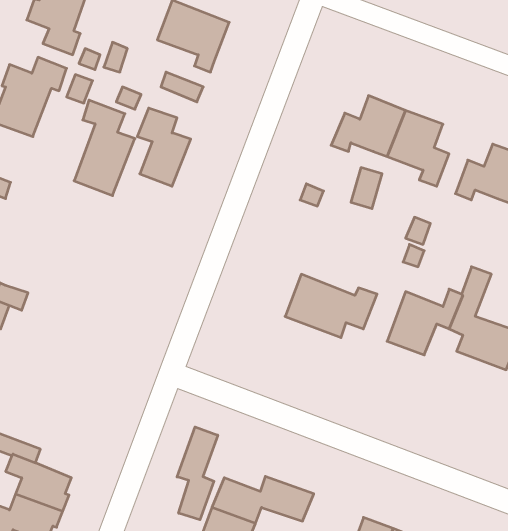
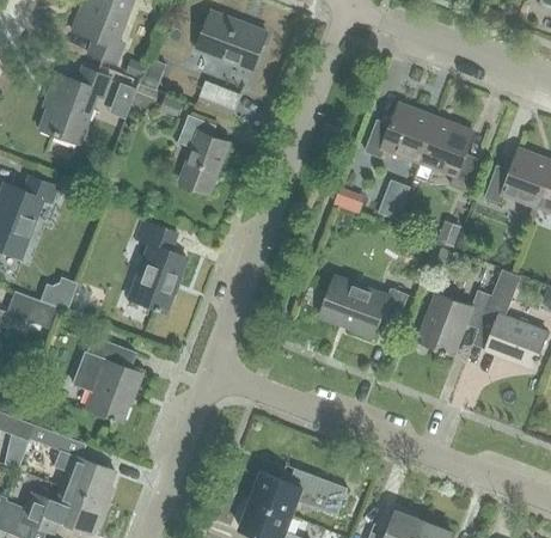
building: [74,100,135,196] -> [128,221,186,313]
building: none -> [73,336,142,423]
building: [177,427,218,520] -> none

